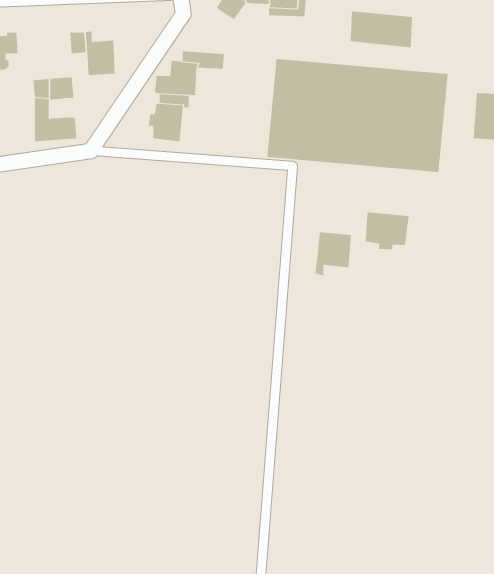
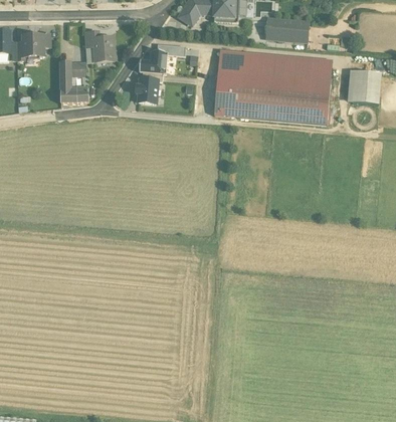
building: [365,212,409,250] -> none
building: [315,232,351,276] -> none

